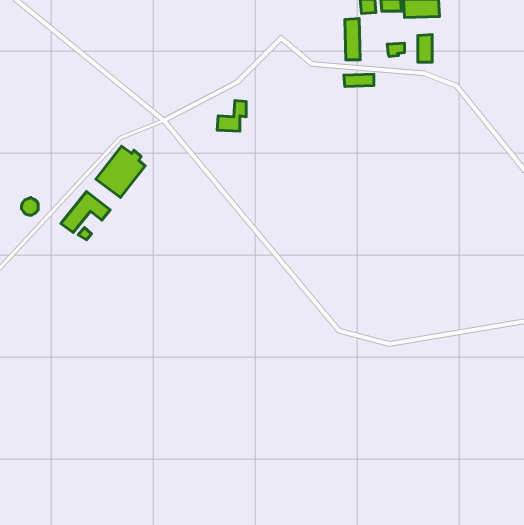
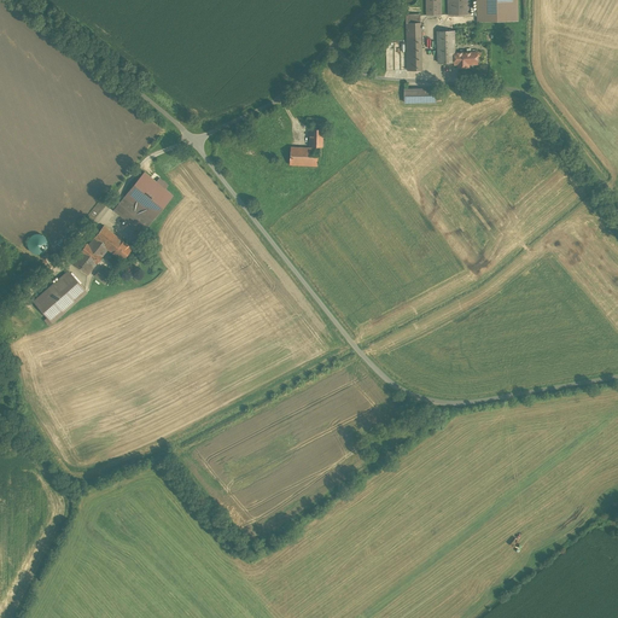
building: [418,34,432,62] -> [437,30,454,63]
building: [217,100,246,131] -> [290,129,323,165]
building: none -> [31,269,84,321]

